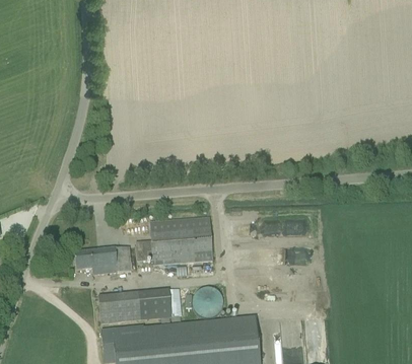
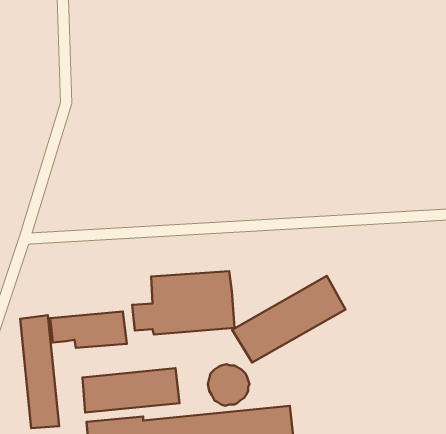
building: none -> [232,276,345,363]
building: none -> [20,315,59,428]

